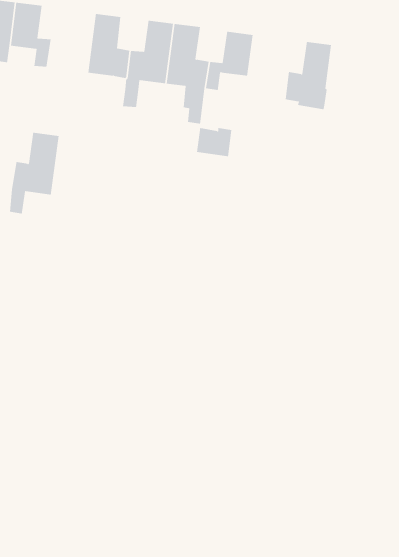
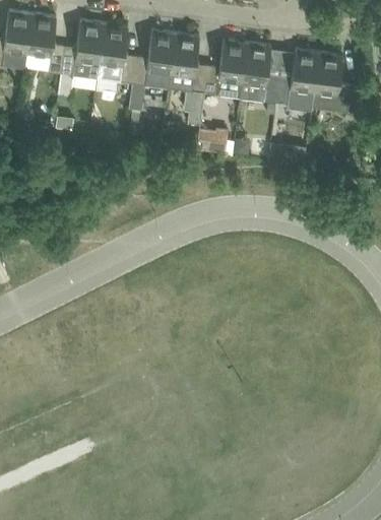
building: none -> [239,43,278,102]
building: none -> [312,52,362,113]
building: [9,132,59,214] -> [58,20,104,94]

